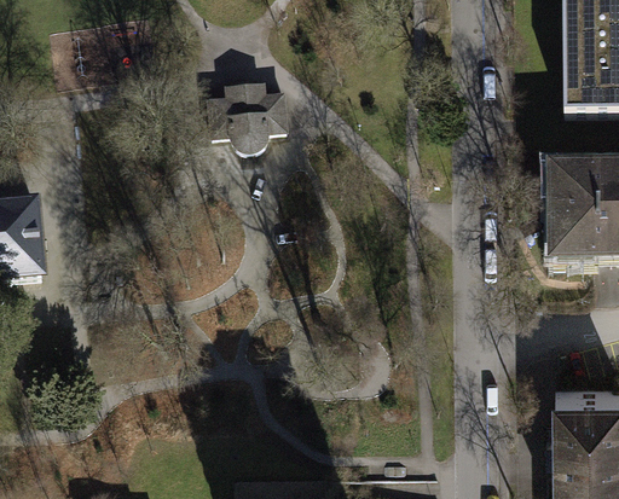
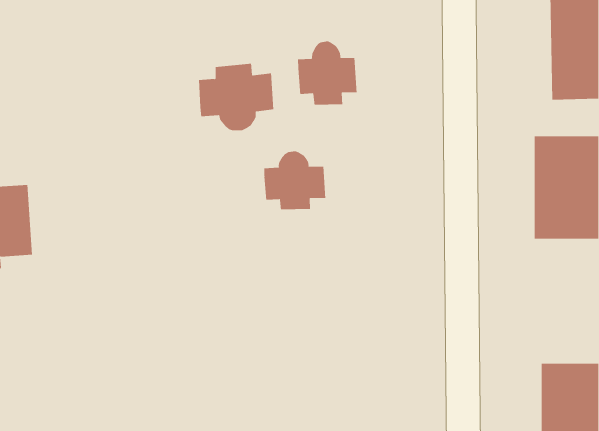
building: none -> [298,41,357,105]
building: none -> [264,151,326,210]

